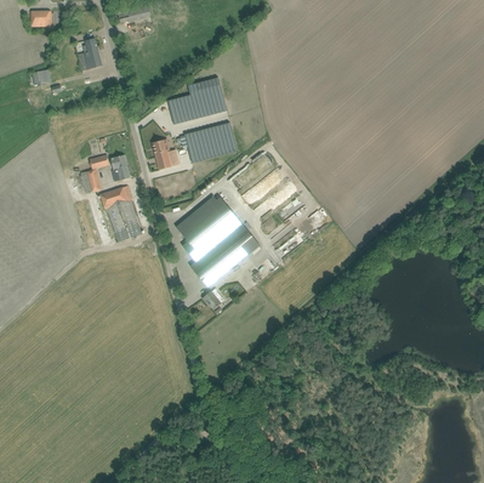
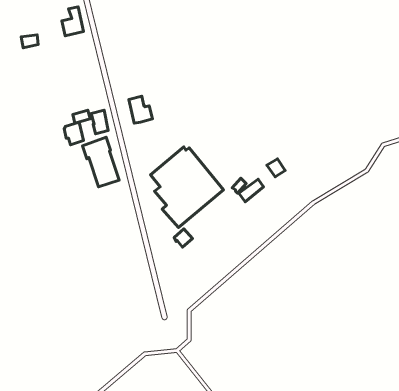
building: [167,76,227,124] -> none
building: [184,121,238,161] -> none

